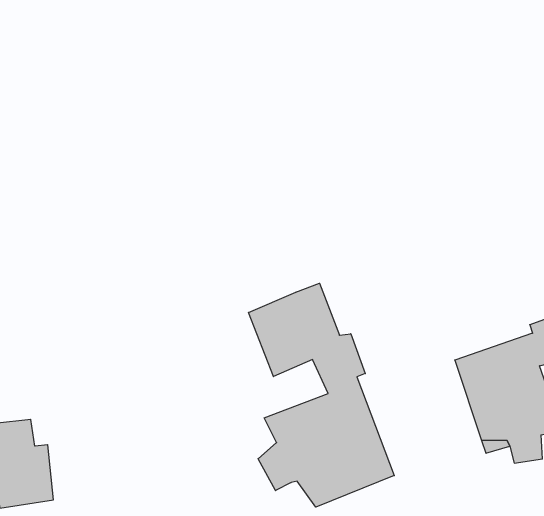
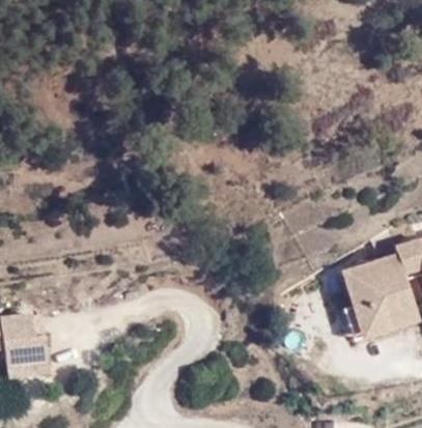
building: [249,283,394,507] -> none

